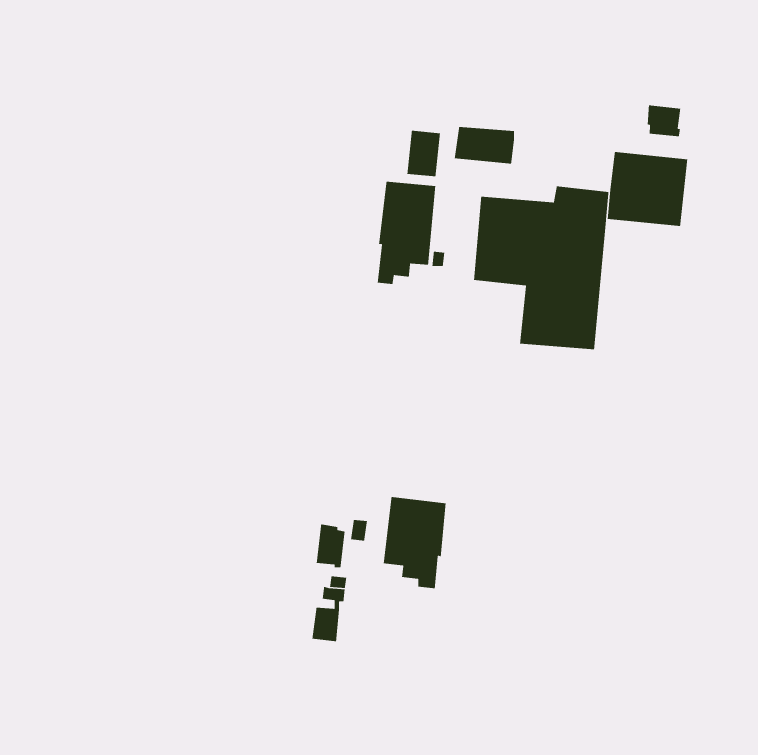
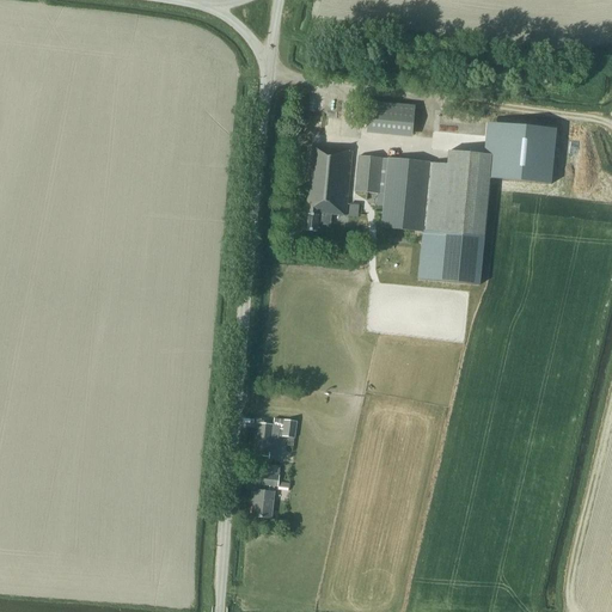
building: [647,104,681,137] -> none
building: [407,130,441,177] -> [355,154,382,192]
building: [383,496,446,589] -> none

